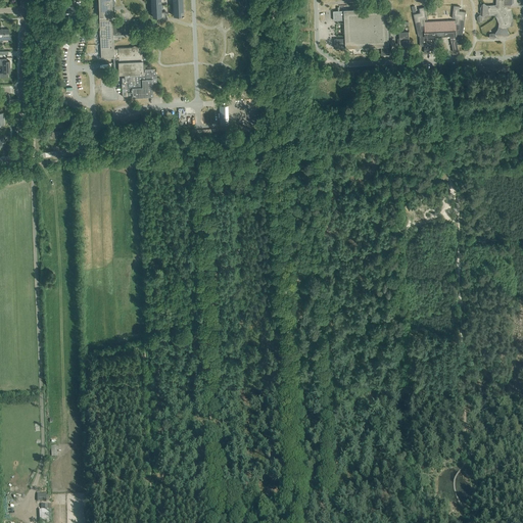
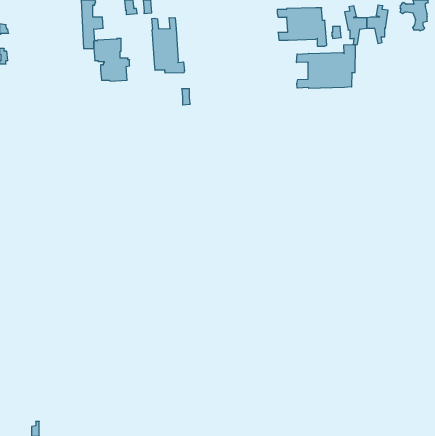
building: none -> [152,18,184,73]
building: none -> [297,44,355,88]

